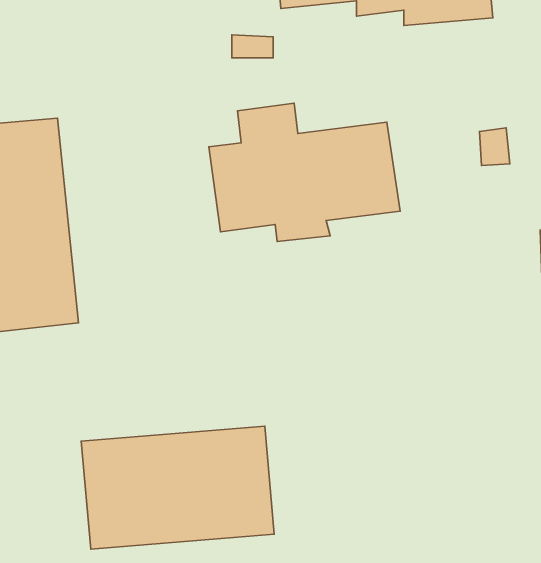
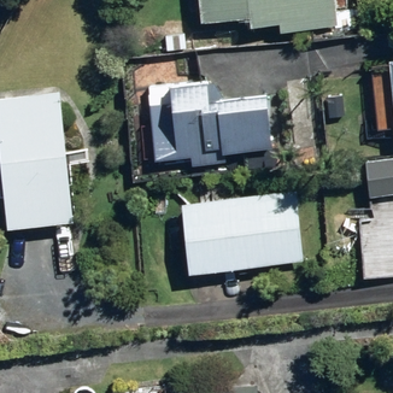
building: [81,426,274,549] -> [177,193,300,271]

